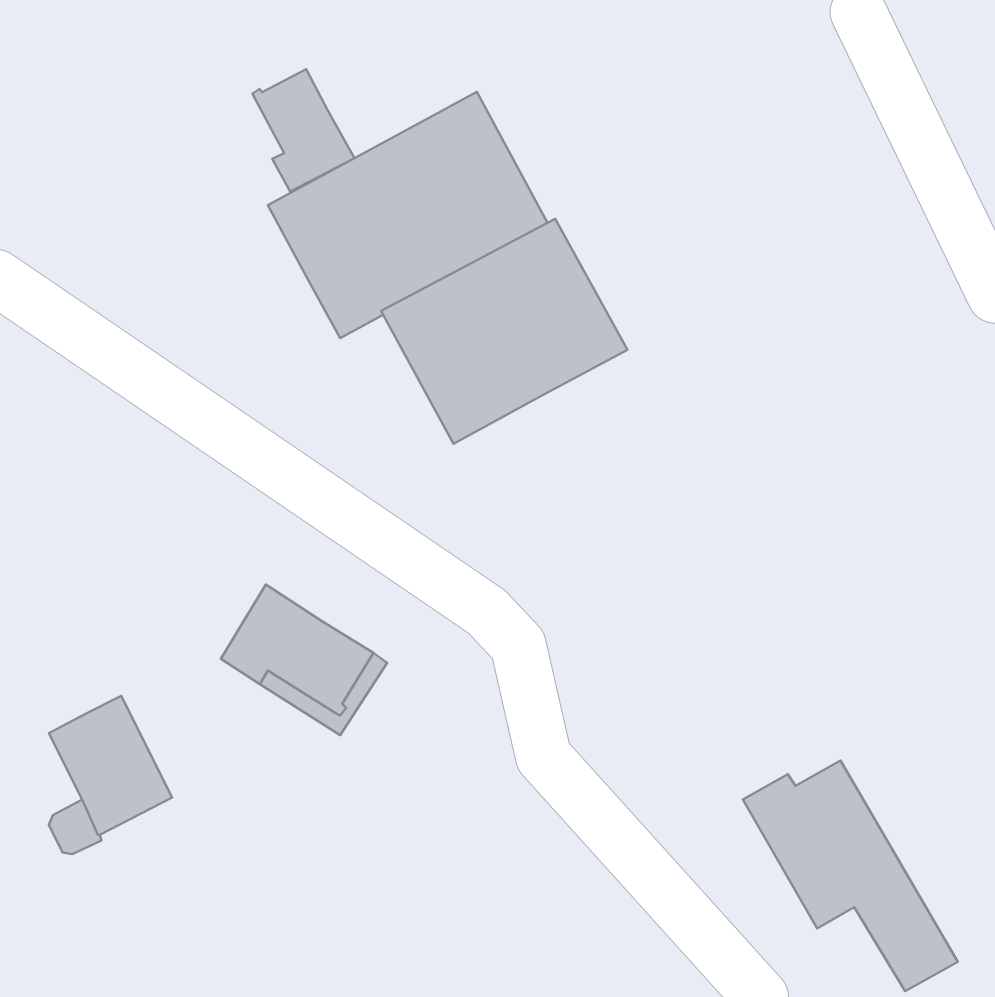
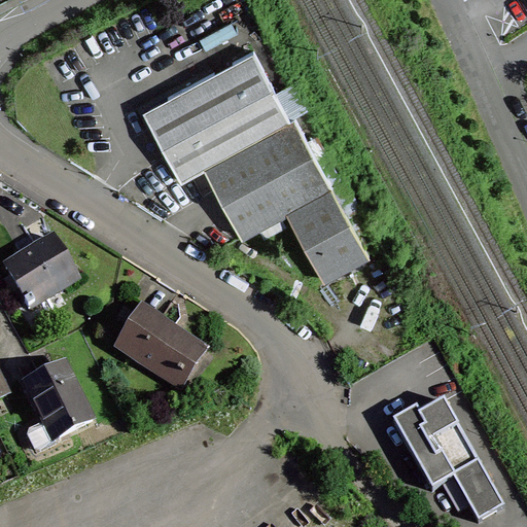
building: [252,69,355,191] -> none
building: none -> [284,184,366,277]
building: none -> [4,238,76,308]

